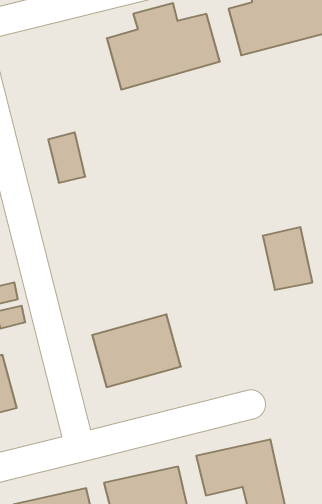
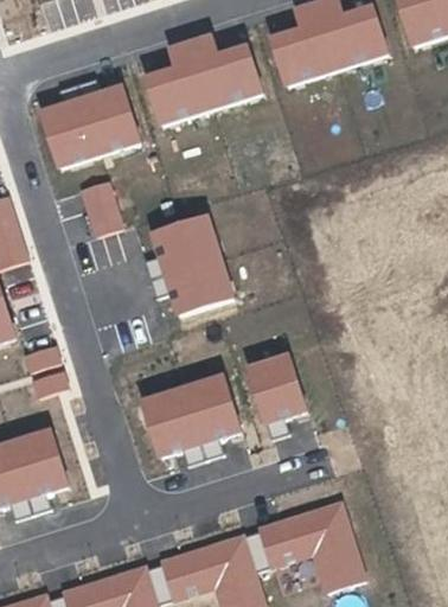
building: none -> [38,82,136,171]
building: none -> [156,213,235,314]
building: [263,227,312,290] -> [248,354,305,424]

